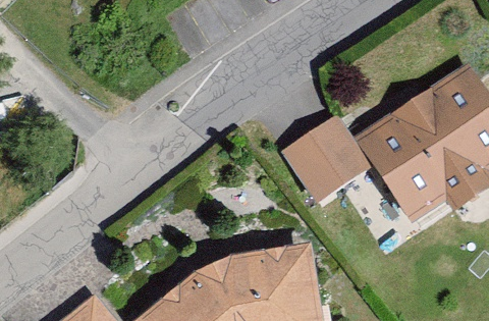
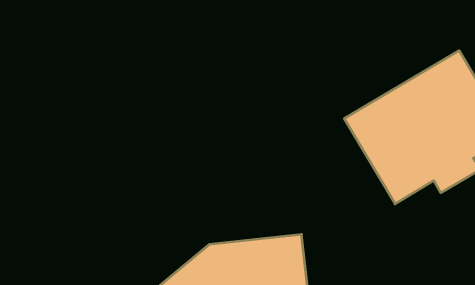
building: [282,115,369,201] -> none

